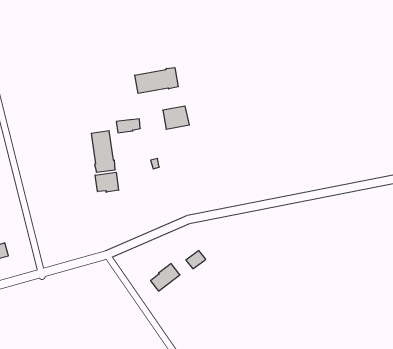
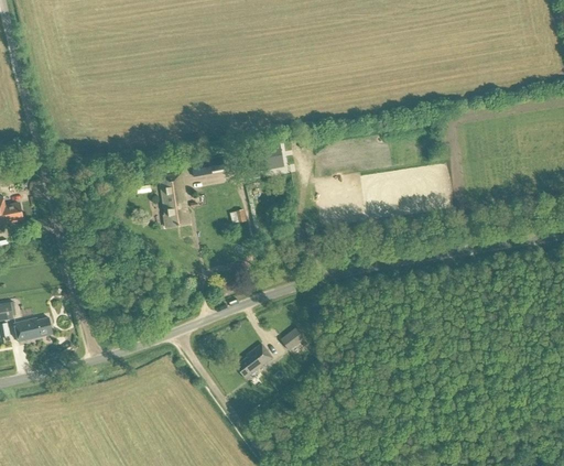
building: [135,68,178,93] -> none
building: [95,172,119,192] -> none

